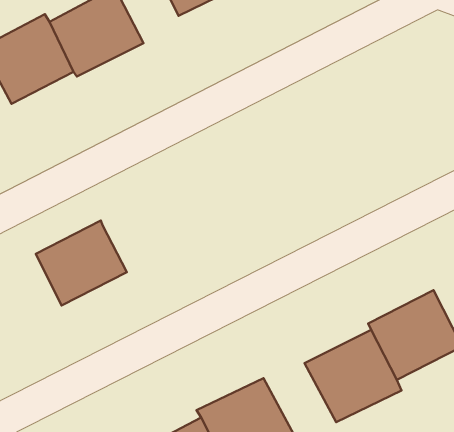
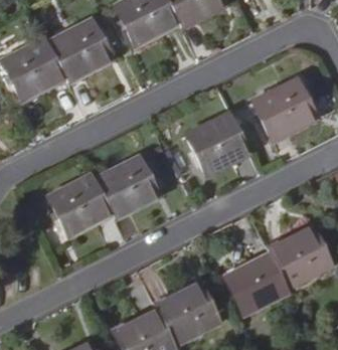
building: none -> [247,81,310,140]
building: none -> [179,117,241,175]
building: none -> [88,161,149,217]

